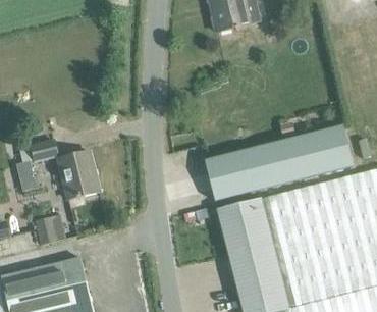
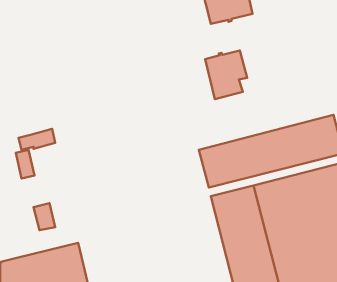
building: none -> [205,50,247,99]
building: [58,151,99,199] -> none

